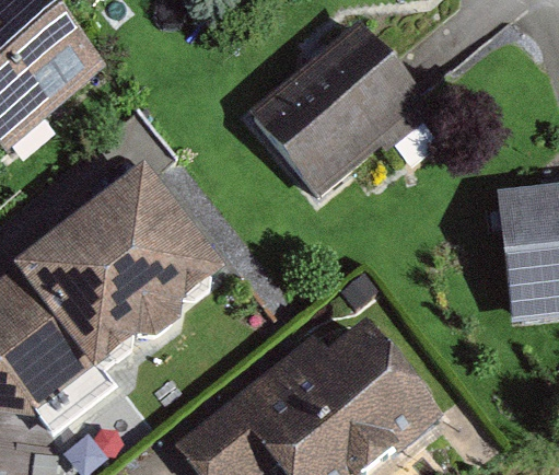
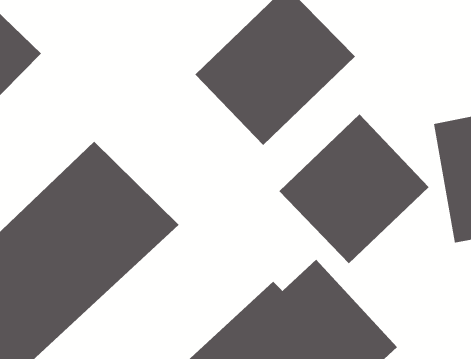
building: none -> [279,113,430,264]

